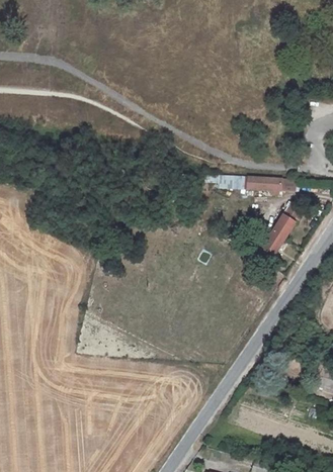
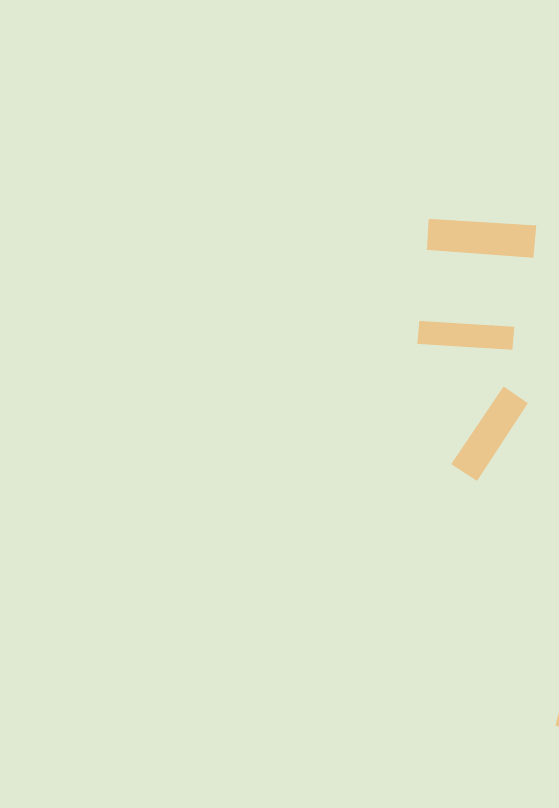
building: none -> [427,218,537,259]

